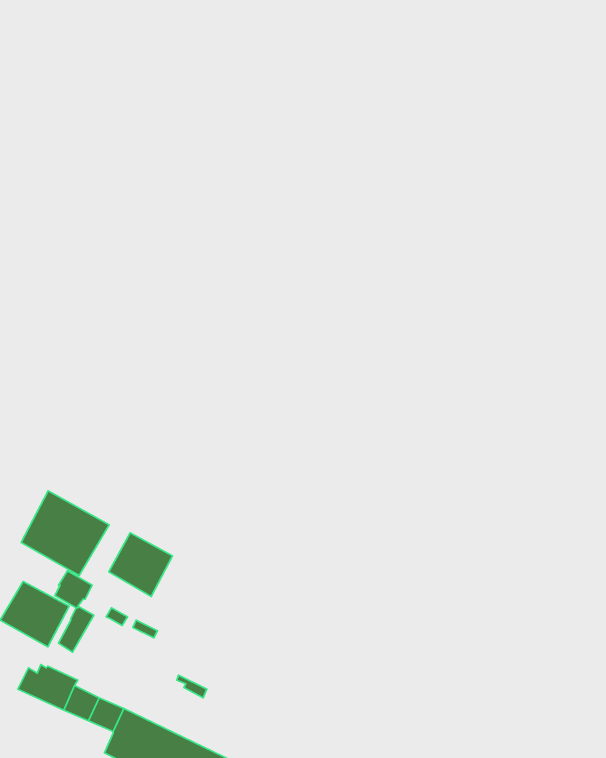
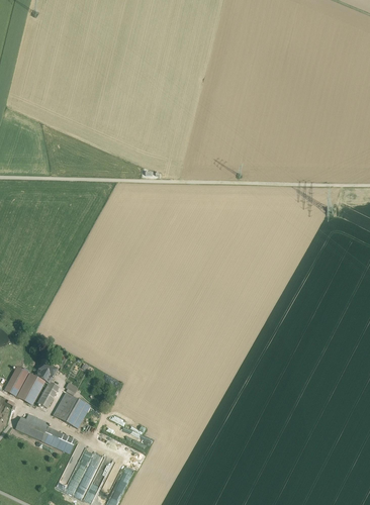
building: [21,491,109,576] -> none
building: [109,533,172,597] -> [53,393,89,429]

